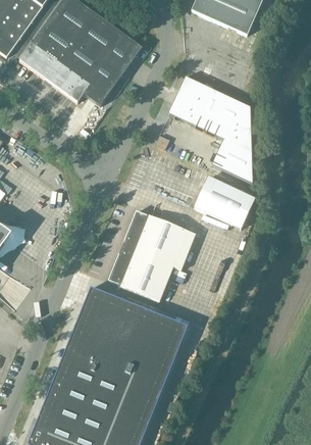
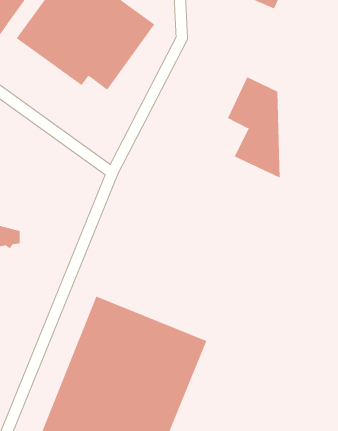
building: [168,76,222,130] -> none
building: [194,176,255,228] -> none
building: [108,210,188,301] -> none

